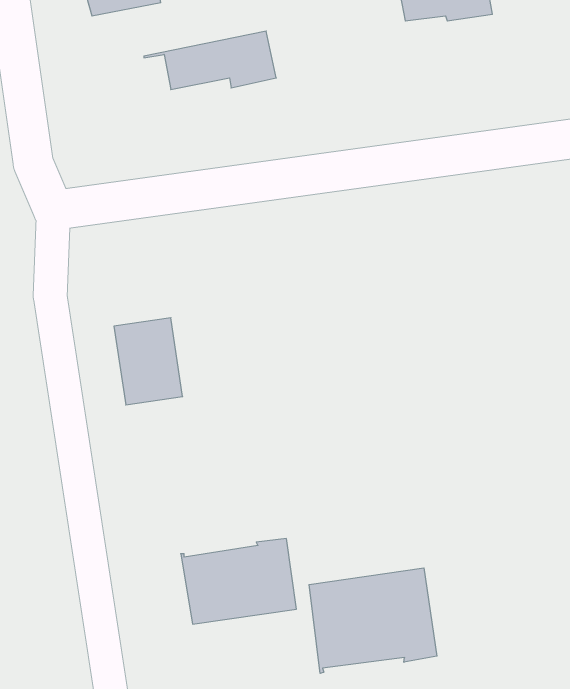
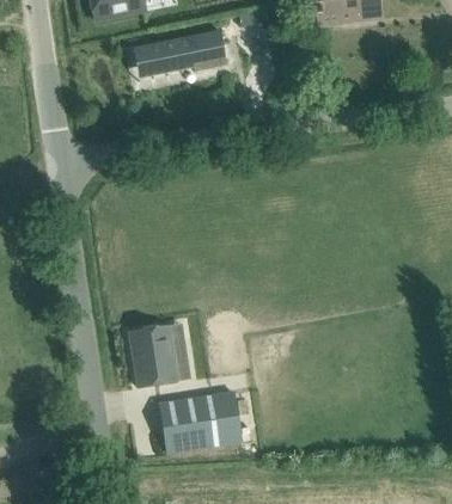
building: [114,318,183,405] -> [128,325,177,387]
building: [309,568,437,673] -> none

